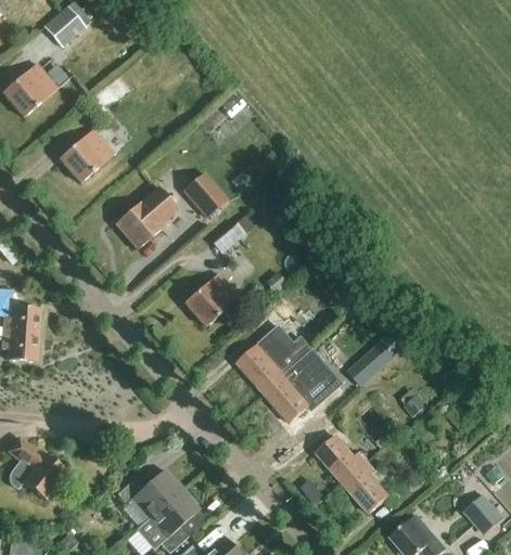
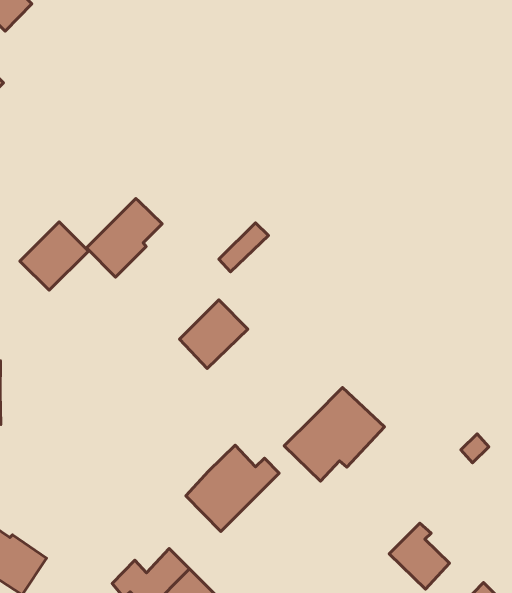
building: [59,128,114,182] -> [20,222,88,290]
building: [183,171,228,217] -> none
building: [237,324,312,392] -> [186,445,279,531]
building: [346,341,395,388] -> none
building: [315,436,367,485] -> none

